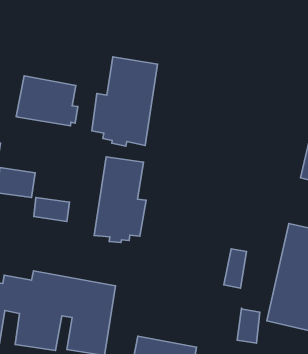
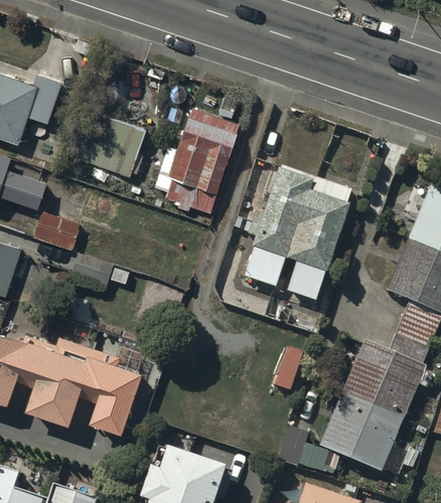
building: none -> [243,161,351,299]
building: [94,157,146,242] -> none

